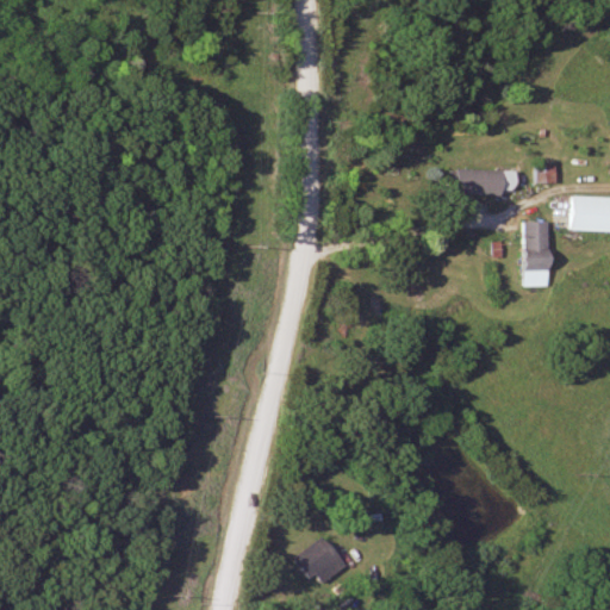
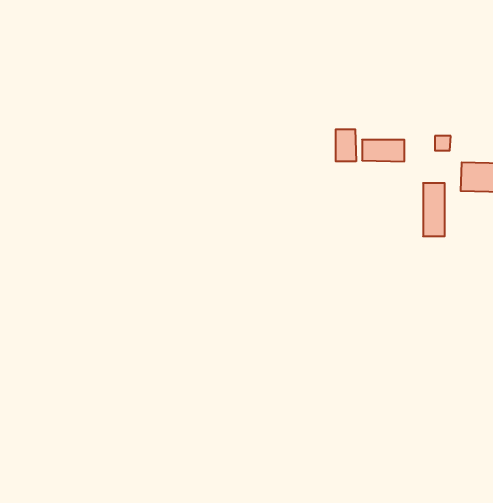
building: none -> [336,129,356,161]
building: [299,539,348,589] -> none

